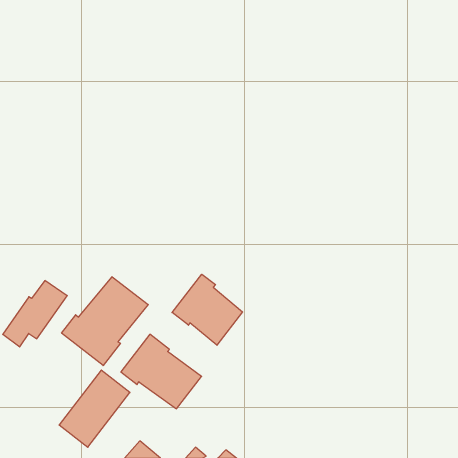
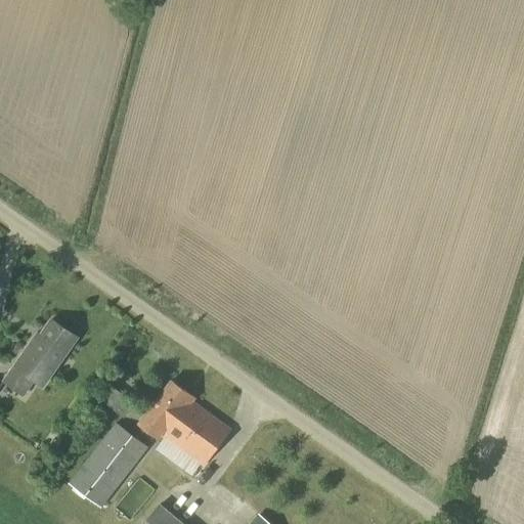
building: [172,274,243,345] -> none
building: [62,277,148,366] -> none

